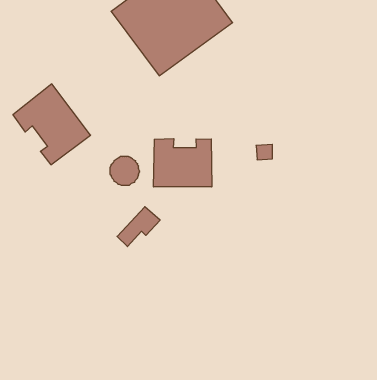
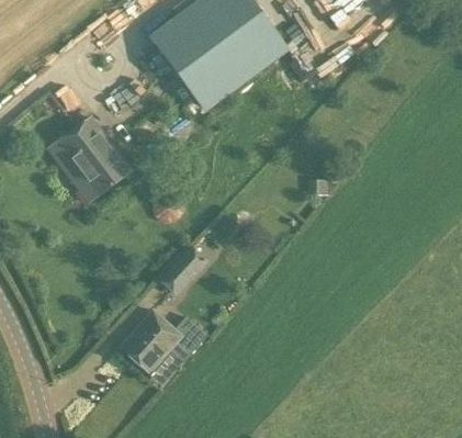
building: [154,139,212,187] -> none
building: none -> [120,310,207,373]

